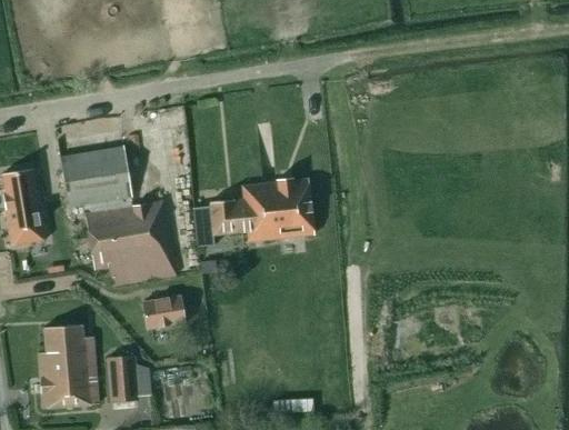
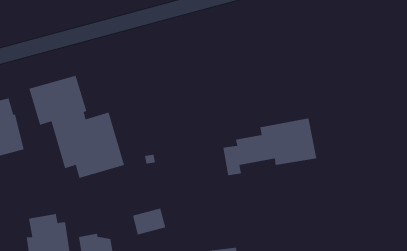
building: [192,180,316,247] -> [222,118,317,176]
building: [143,294,187,328] -> [132,208,166,235]

